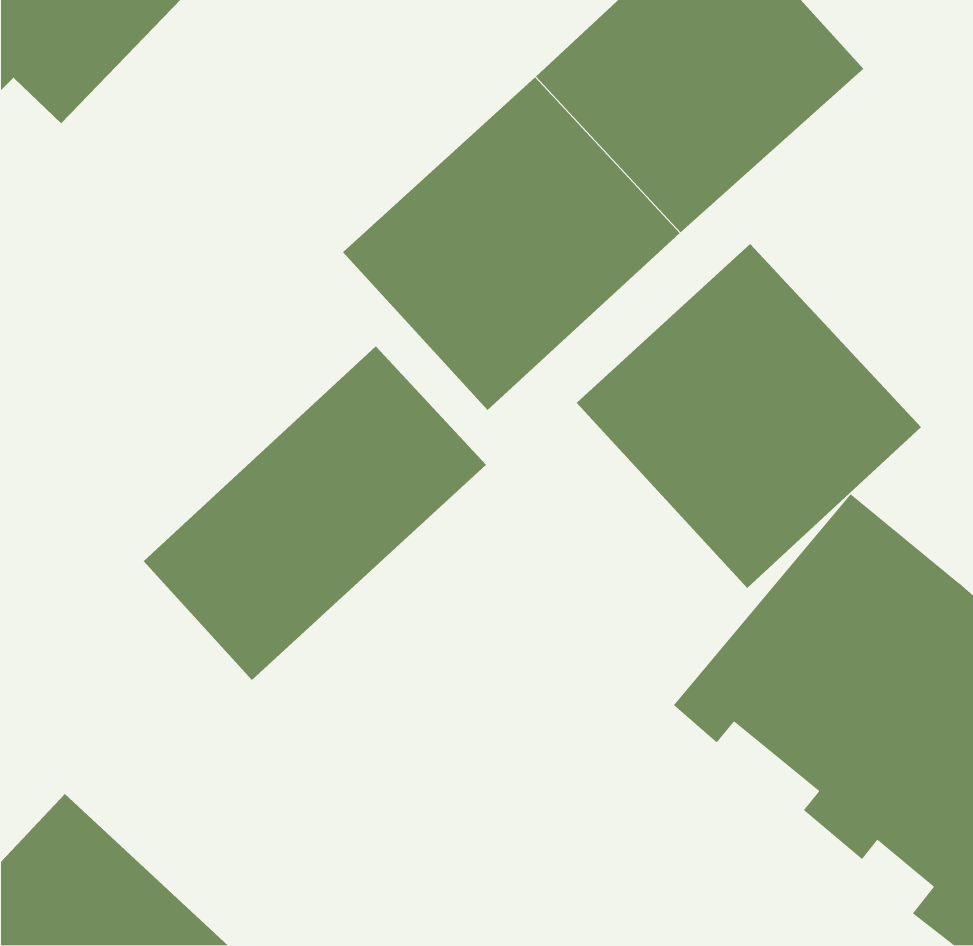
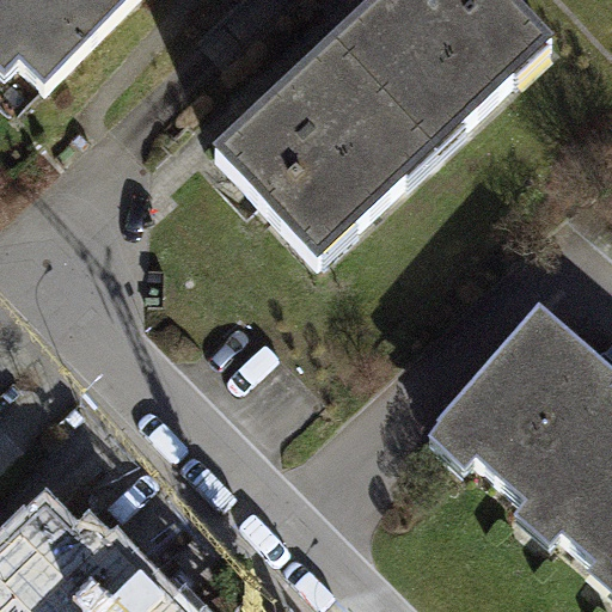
building: [576,243,922,589] -> none
building: [143,345,487,681] -> none

